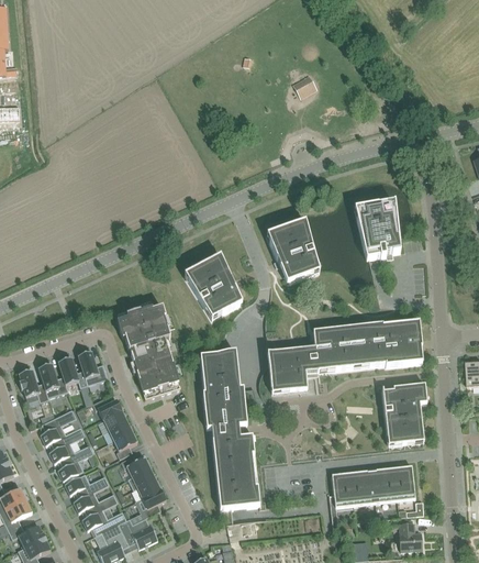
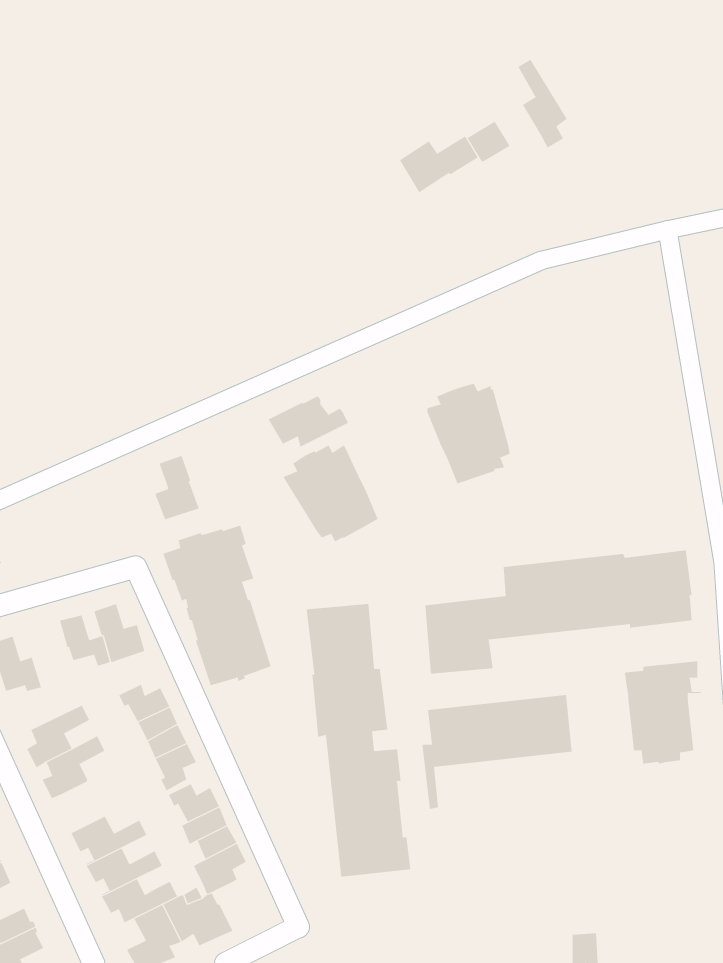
building: none -> [518,59,568,149]
building: none -> [399,135,478,193]
building: [355,200,400,257] -> none
building: none -> [268,396,349,448]
building: none -> [155,455,200,520]
building: [38,362,68,398] -> none
building: [57,443,93,479] -> none
building: [328,464,415,530] -> [421,695,573,809]
building: [400,521,422,549] -> none

